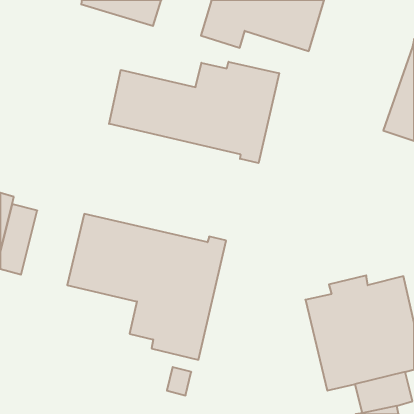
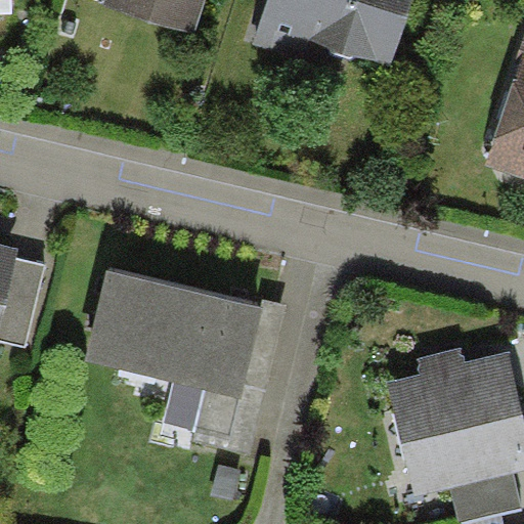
building: [109,62,279,163] -> none

